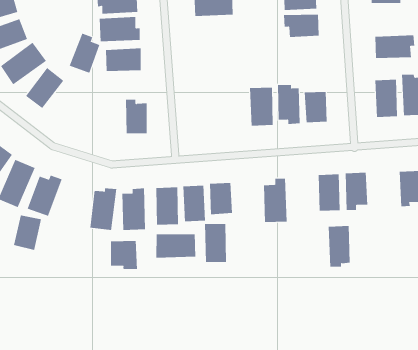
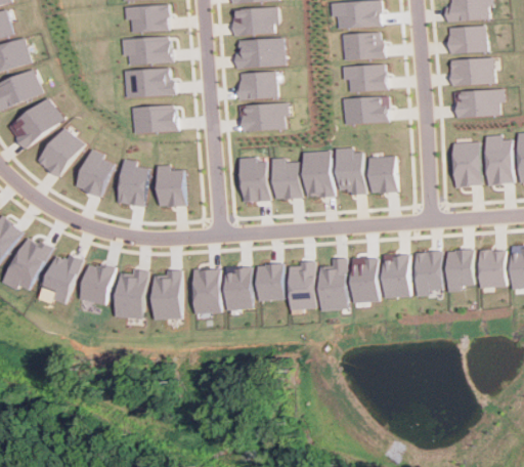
building: none -> [446,57,488,85]
building: none -> [238,72,278,98]
building: [69,33,100,74] -> [76,148,113,197]
building: none -> [344,96,387,124]
building: none -> [239,102,289,130]
building: none -> [239,157,268,202]
building: none -> [271,158,301,200]
building: none -> [117,165,148,206]
building: none -> [447,249,474,292]
building: [13,215,42,250] -> [80,263,114,305]
building: [204,223,227,263] -> [289,263,315,309]
building: [328,226,350,267] -> [352,257,379,306]
building: [156,233,196,259] -> none
building: [111,240,138,270] -> none

